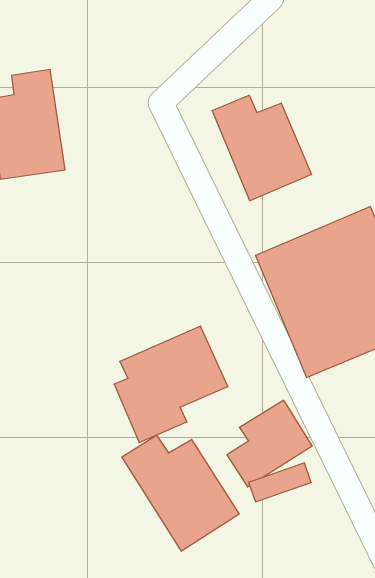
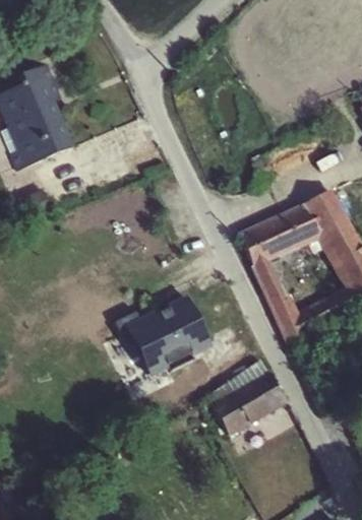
building: [212,95,311,201] -> none
building: [122,435,239,551] -> none

